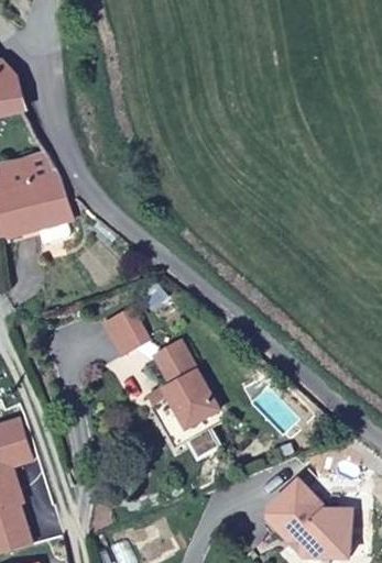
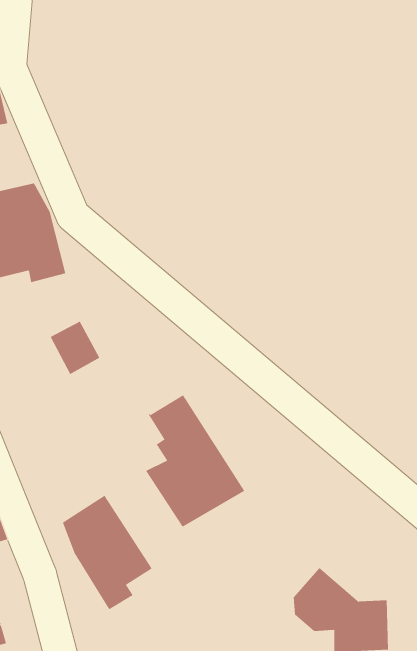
building: [103,305,145,350] -> [50,321,100,375]
building: none -> [62,495,153,610]

